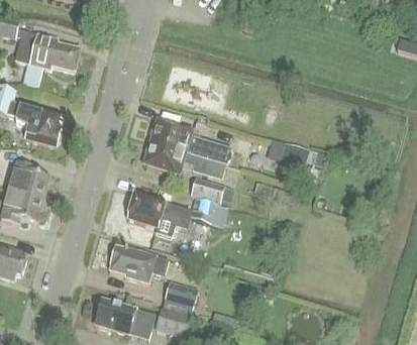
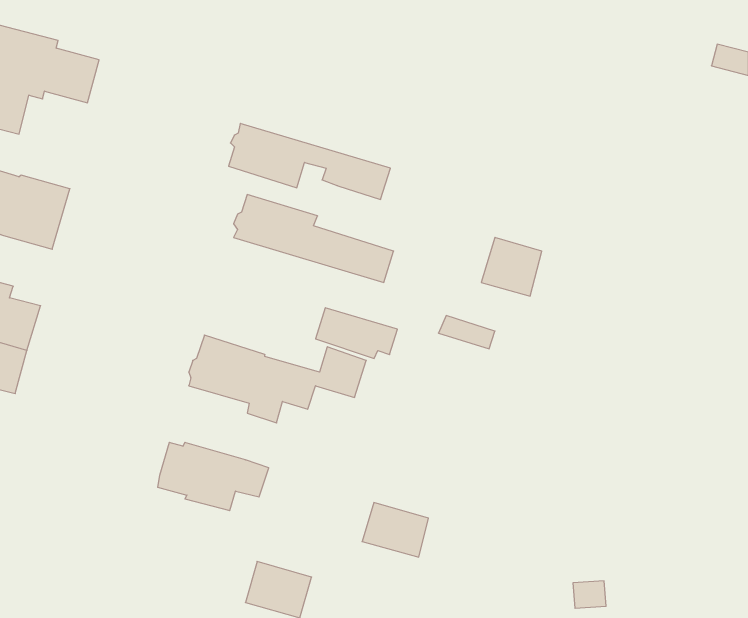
building: [142,140,226,180] -> [229,123,390,199]
building: [163,280,197,309] -> [362,503,428,557]
building: [93,298,154,333] -> none

